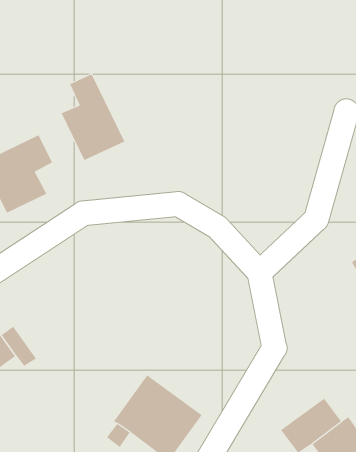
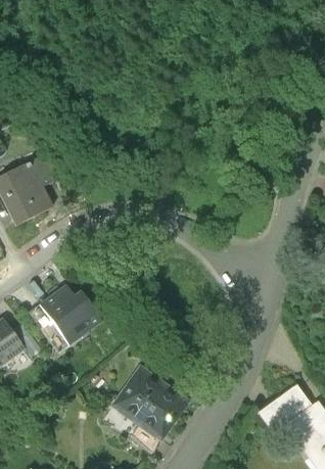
building: [61,73,125,161] -> none
building: none -> [37,282,104,346]

